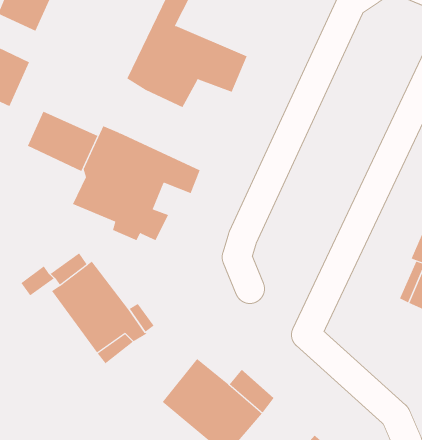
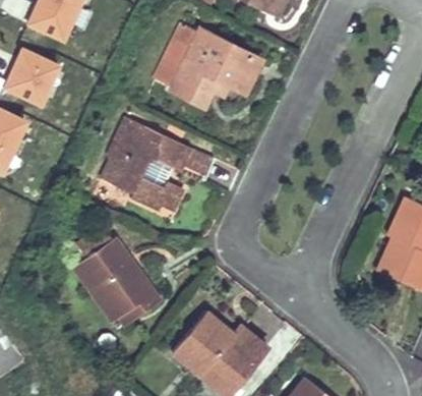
building: [27,111,98,172] -> none

